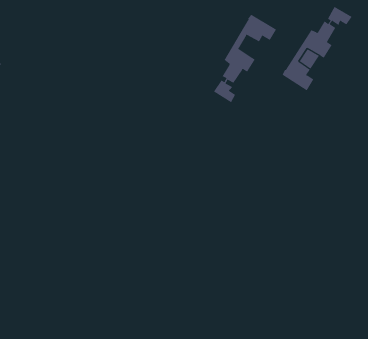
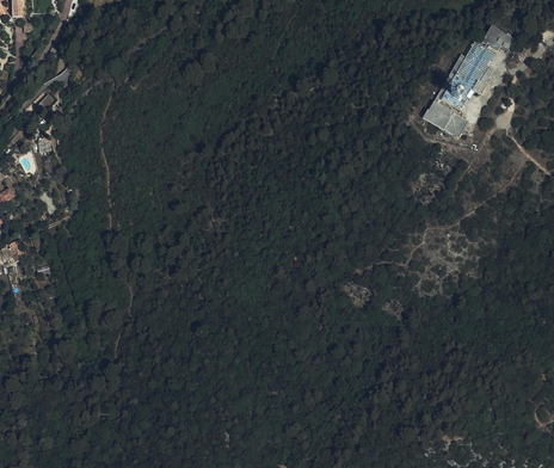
building: [213,14,277,103] -> none

